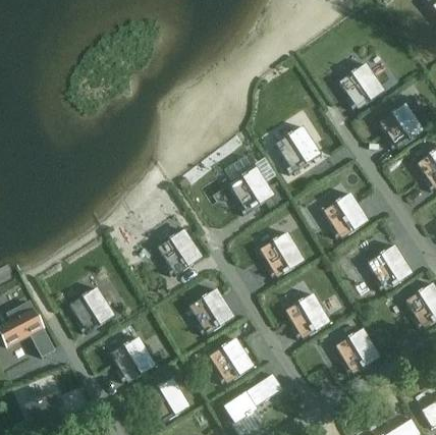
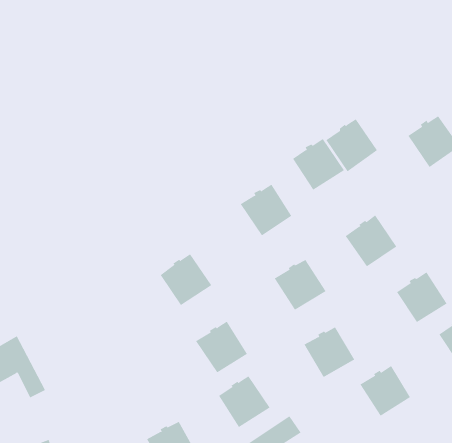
building: [337,61,384,109] -> [325,118,378,172]
building: [68,285,114,332] -> none
building: [109,335,156,381] -> none

